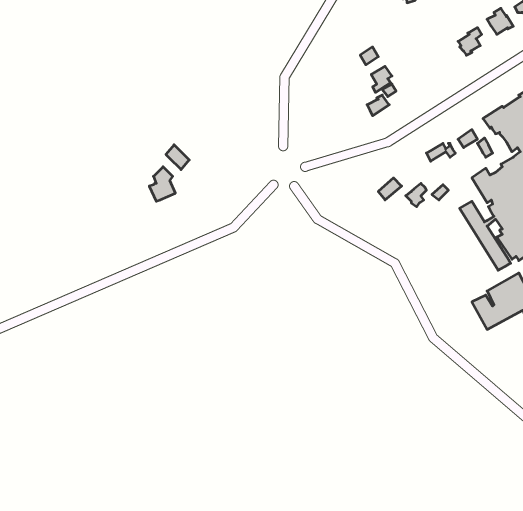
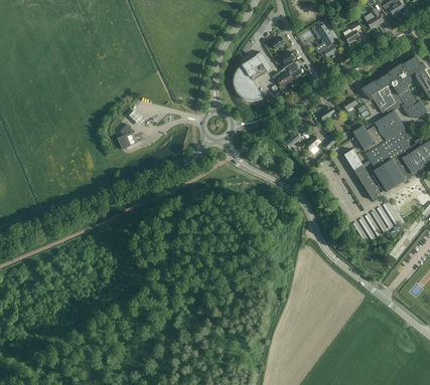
building: none -> [314,23,336,58]
building: none -> [234,52,271,99]

